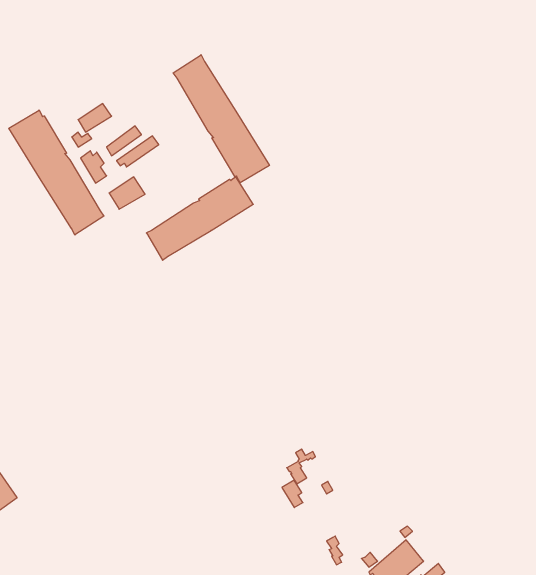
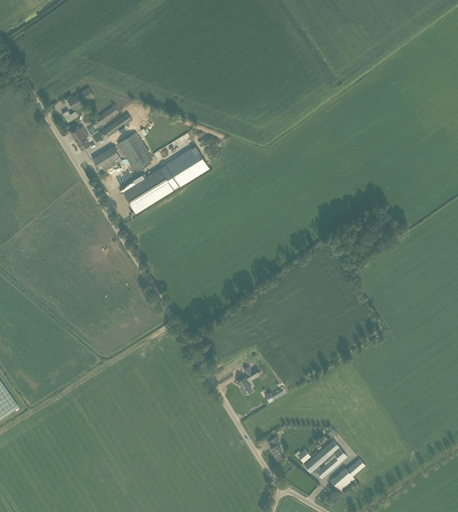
building: [173,55,269,183] -> none
building: [9,110,104,235] -> none
building: none -> [117,132,151,171]

